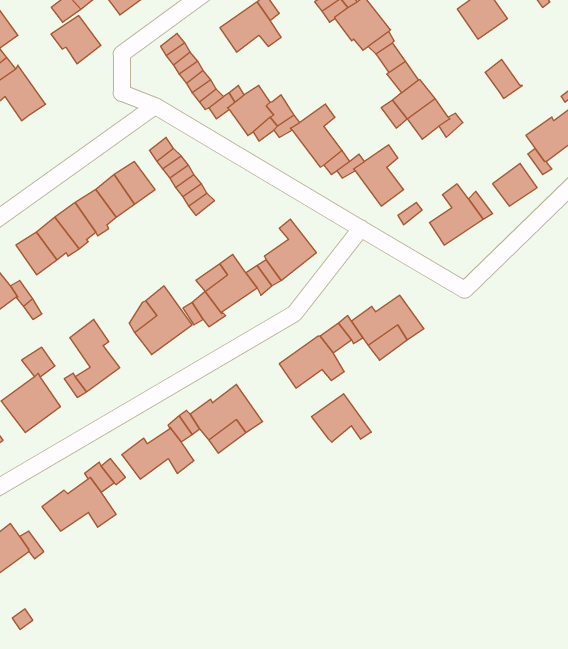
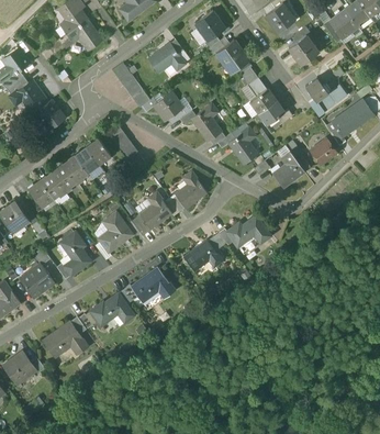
building: [51,16,101,64] -> [35,99,65,127]
building: none -> [308,84,346,115]
building: [312,394,371,442] -> none

